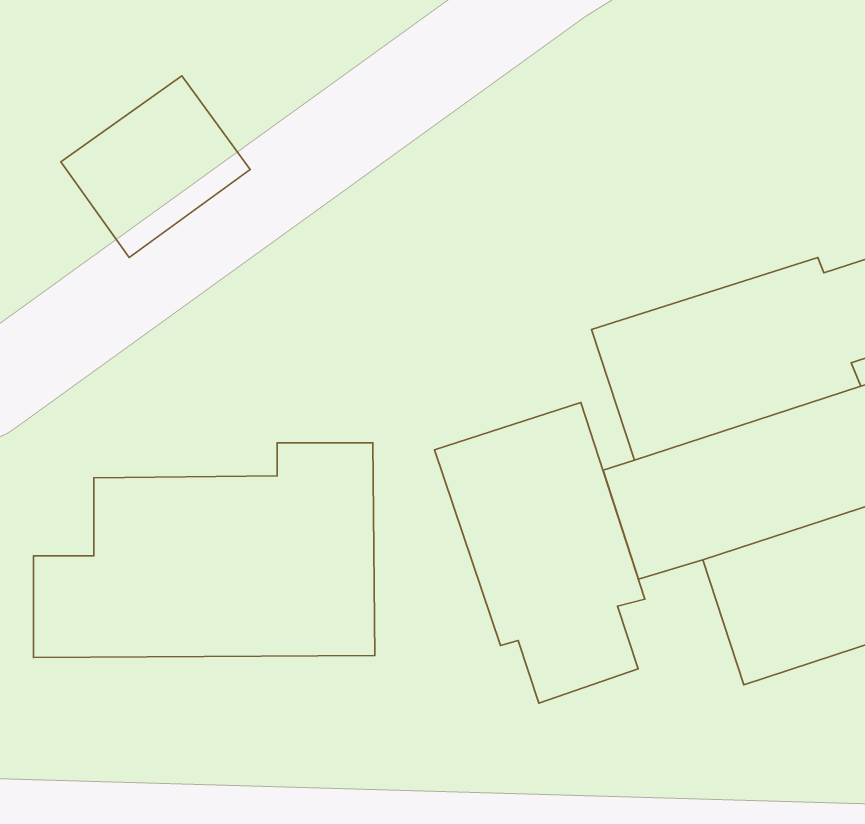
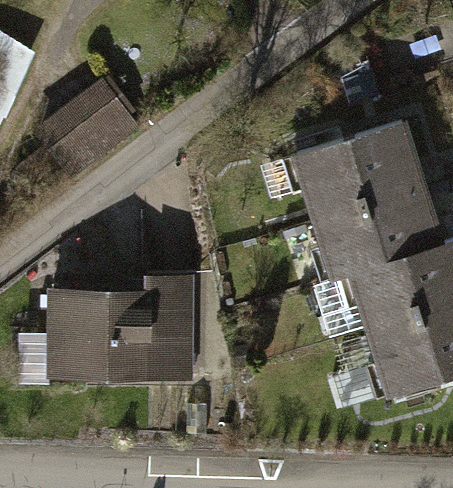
building: none -> [265,119,423,214]
building: [434,402,645,703] -> none

